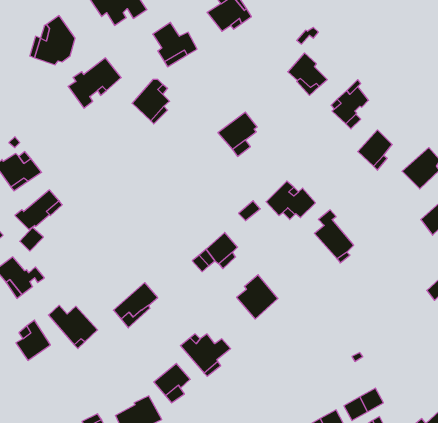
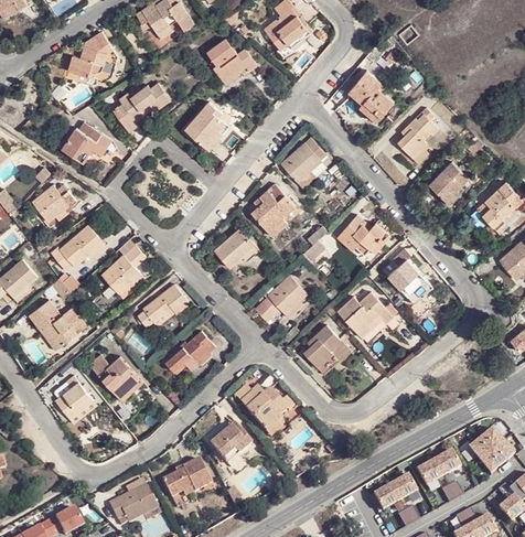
building: none -> [62,118,116,163]
building: none -> [247,183,294,237]
building: none -> [211,227,257,270]
building: none -> [104,246,148,290]
building: none -> [140,283,190,323]
building: none -> [332,292,390,341]
building: none -> [470,426,515,472]

